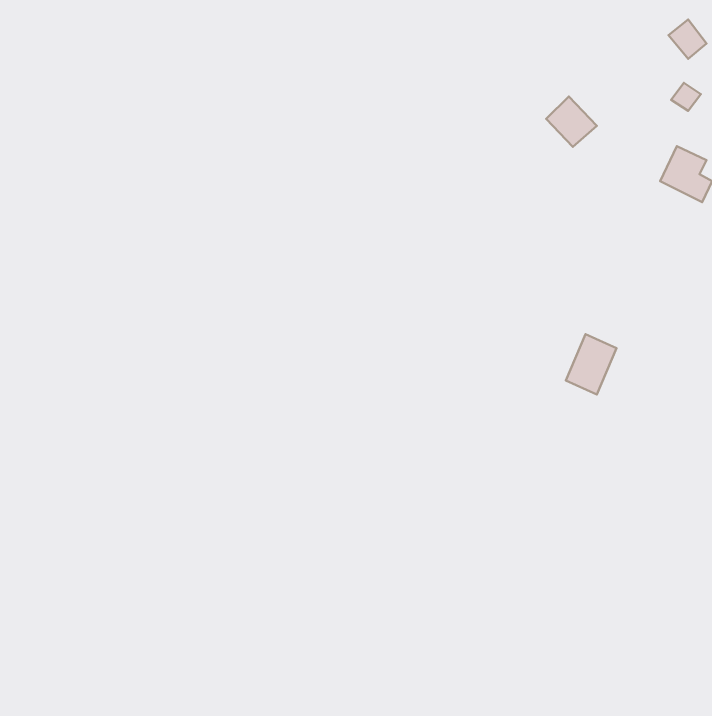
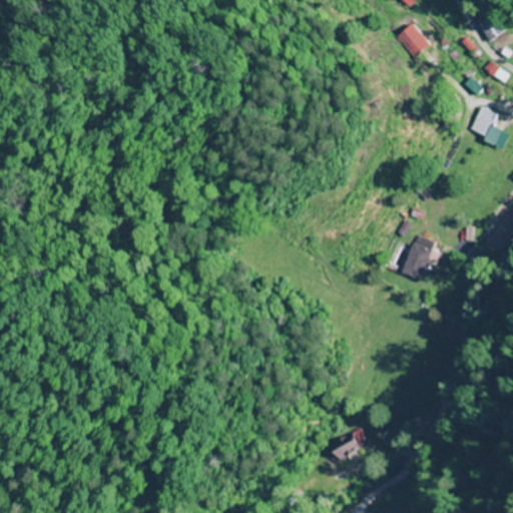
building: [546,96,597,147] -> [393,23,429,59]
building: none -> [325,431,365,463]

